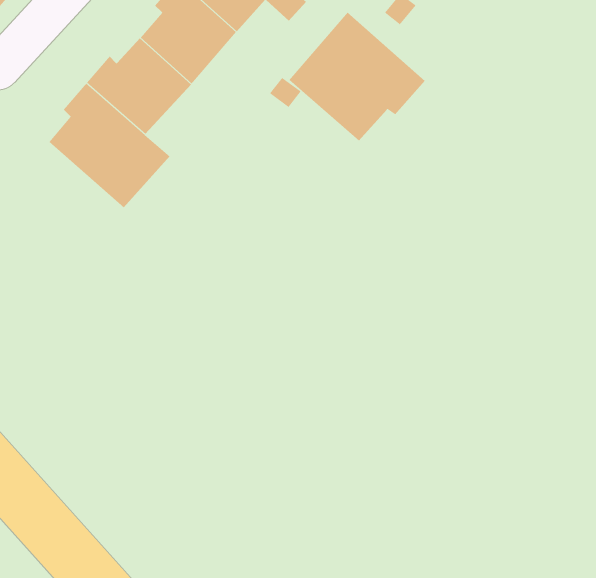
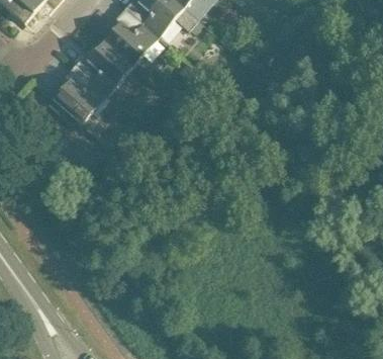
building: [288,12,426,142] -> none

